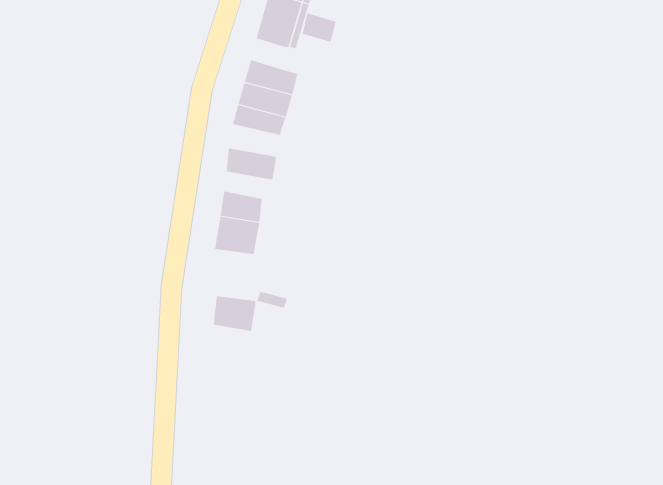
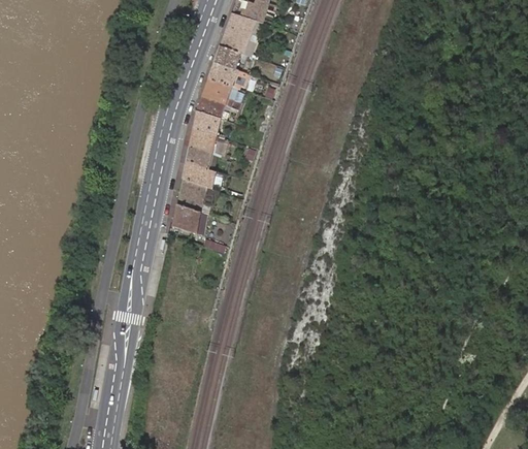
building: [302,13,336,42] -> [213,47,240,71]
building: none -> [192,110,232,137]
building: none -> [186,146,224,169]
building: [213,296,256,332] -> [171,203,205,232]

